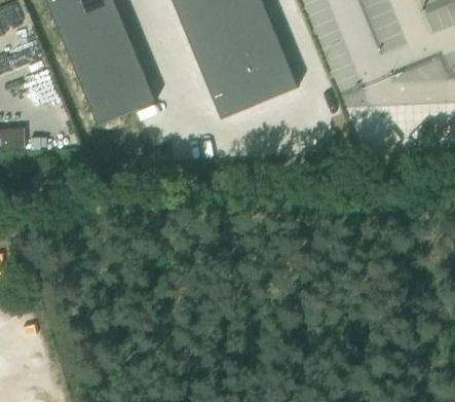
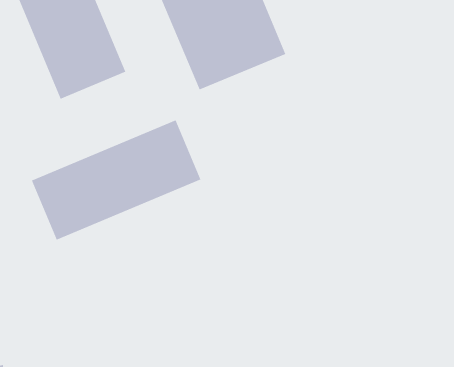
building: none -> [31,119,201,241]

